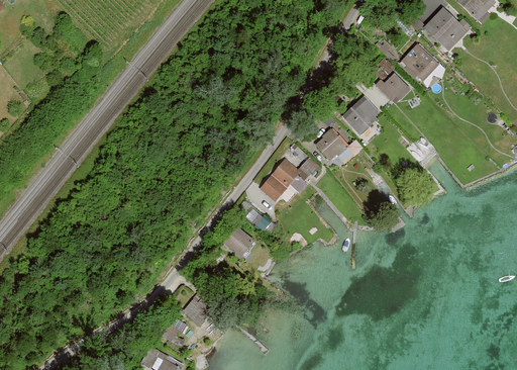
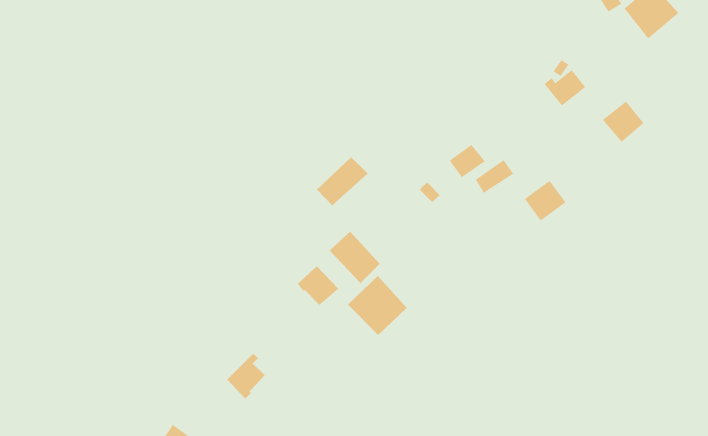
building: [403,45,432,75] -> [602,100,644,143]
building: [344,102,374,131] -> [524,180,567,222]
building: [263,164,297,199] -> [316,157,369,206]
building: none -> [347,275,408,336]

